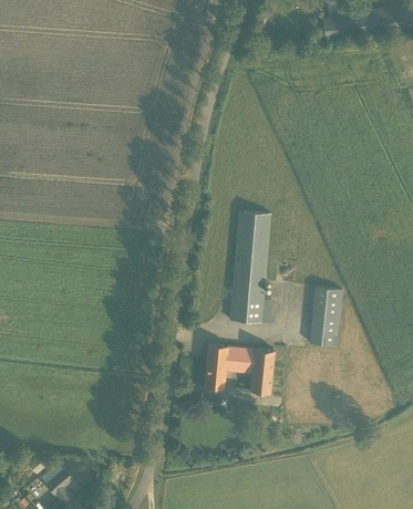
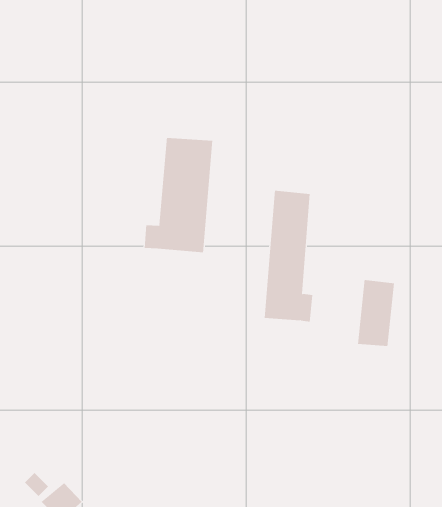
building: none -> [144,137,213,253]
building: [204,345,273,394] -> none

